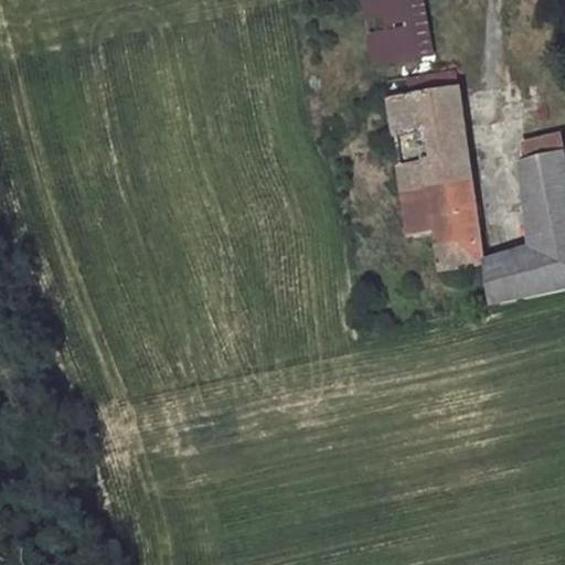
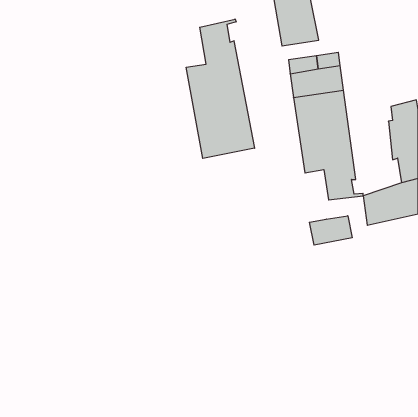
building: none -> [186,19,255,158]
building: none -> [309,216,352,245]

